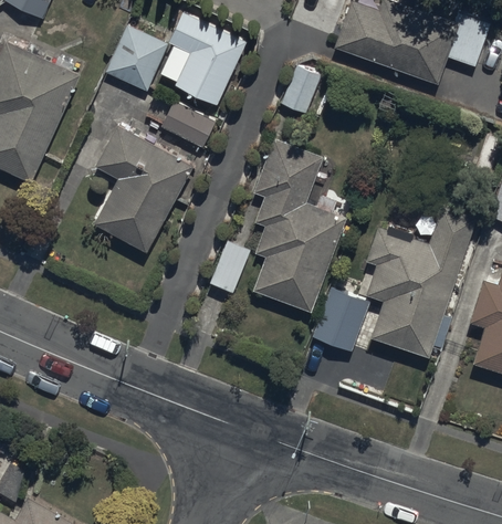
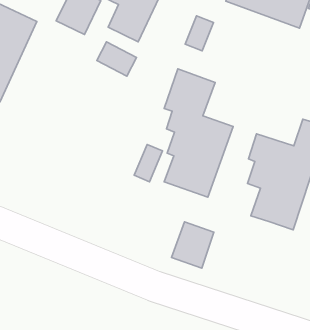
building: [94,125,192,253] -> none
building: [311,290,368,353] -> [172,222,214,268]

